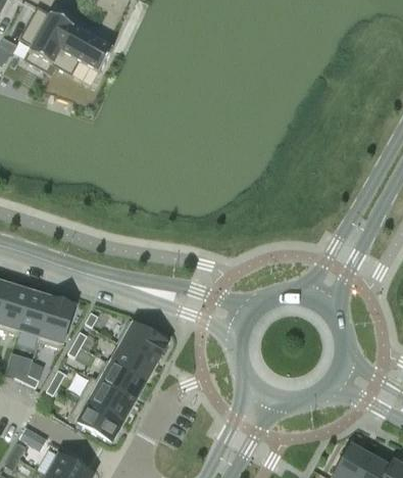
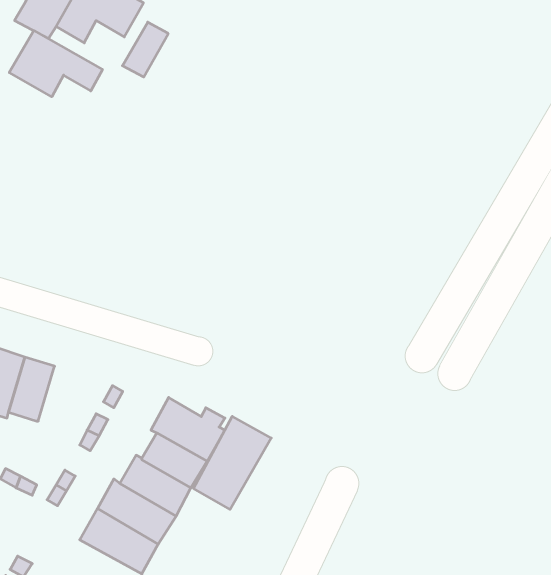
building: none -> [122,22,168,77]
building: none -> [9,31,102,97]
building: [38,297,74,347] -> none
building: none -> [194,416,271,509]

